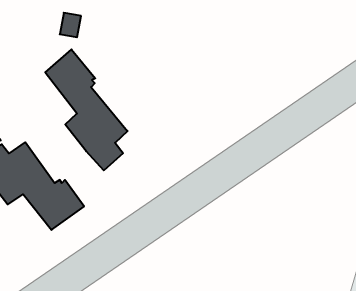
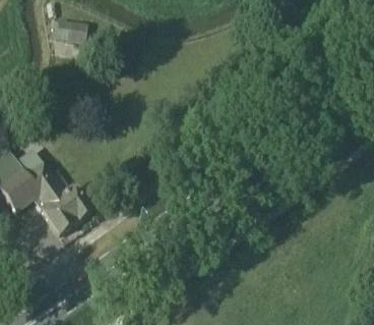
building: [45,49,128,170] -> none

